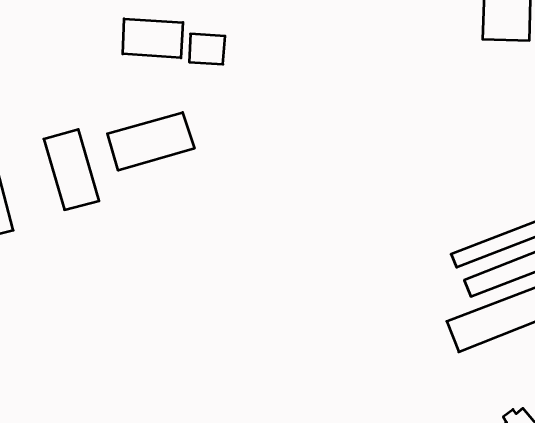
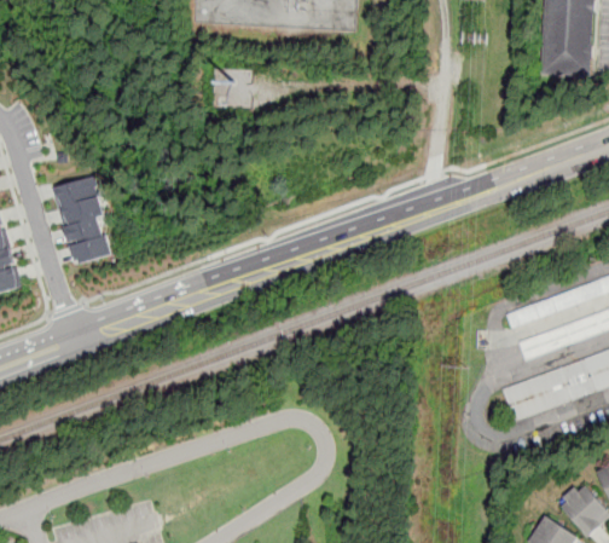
building: [123,19,183,58] -> none
building: [107,112,194,170] -> none

